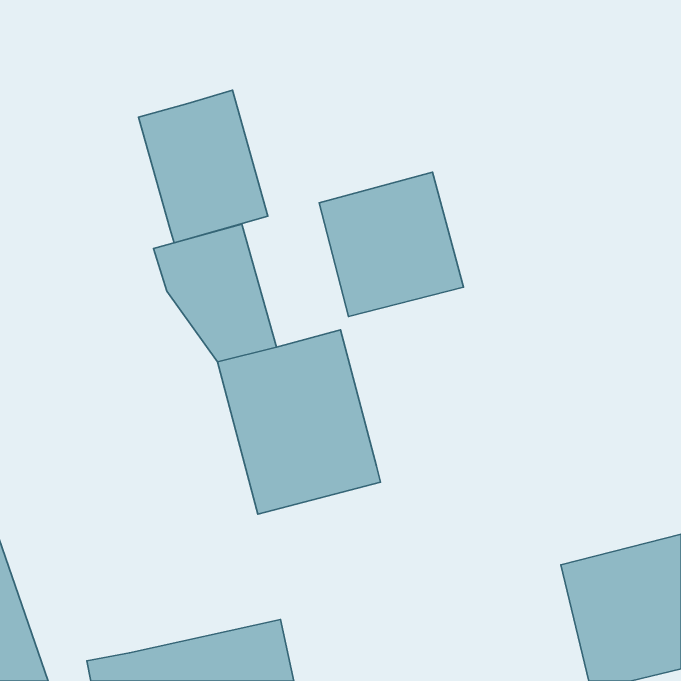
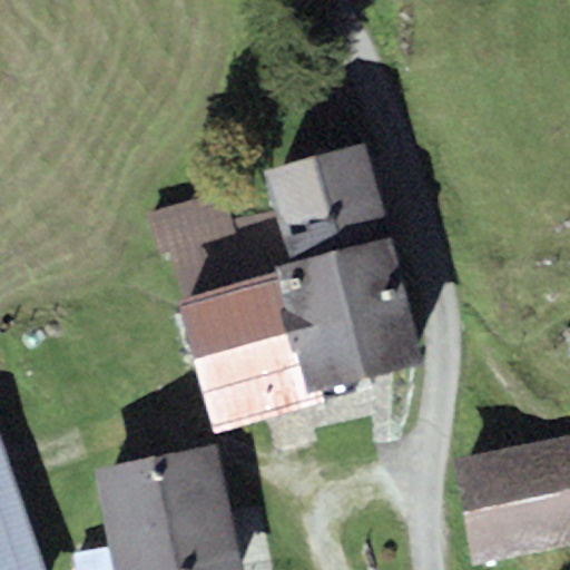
building: [139,90,268,243] -> none
building: none -> [282,239,419,389]
building: none -> [91,443,234,544]

